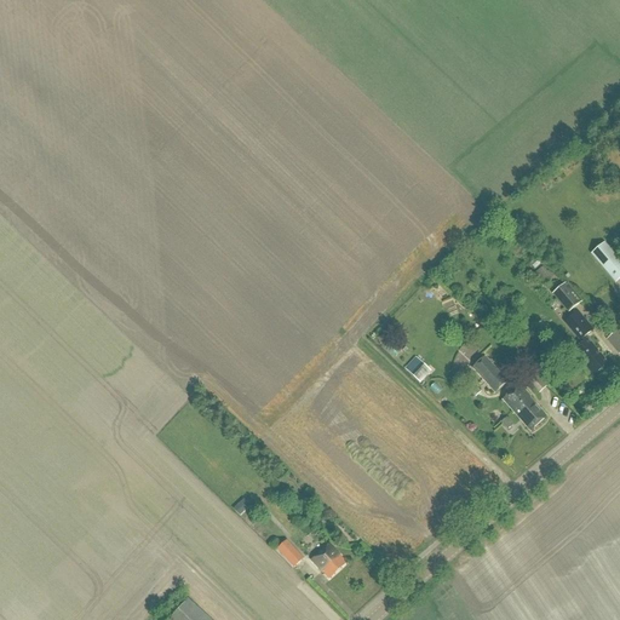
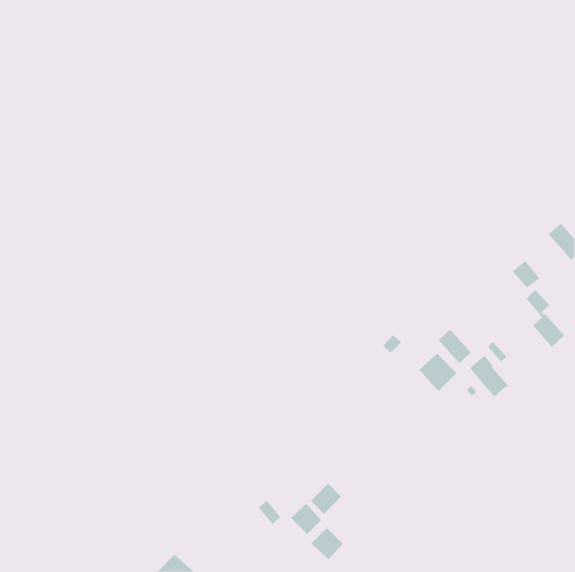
building: none -> [419,353,457,392]
building: none -> [310,483,342,515]
building: none -> [310,527,343,560]

